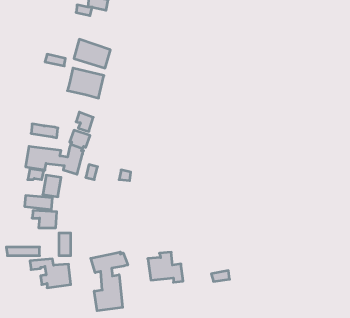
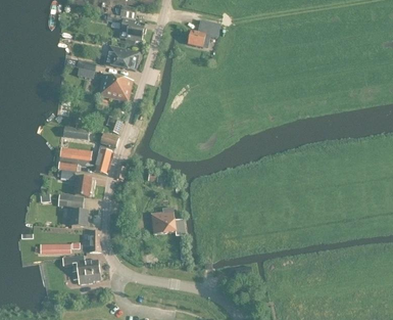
building: none -> [119,17,146,41]
building: none -> [188,20,219,46]
building: [91,252,128,311] -> none
building: [148,252,183,282] -> [151,207,185,235]

